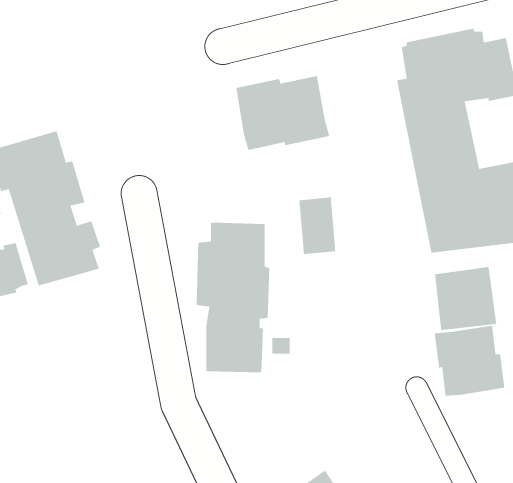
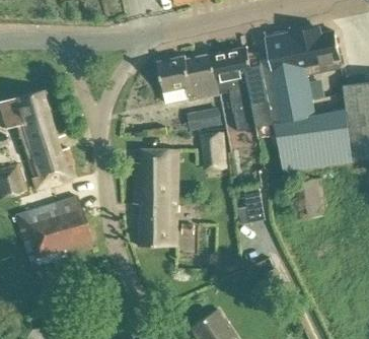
building: none -> [211,47,275,130]
building: none -> [187,107,220,129]
building: none -> [13,194,92,267]
building: [434,325,505,397] -> none

